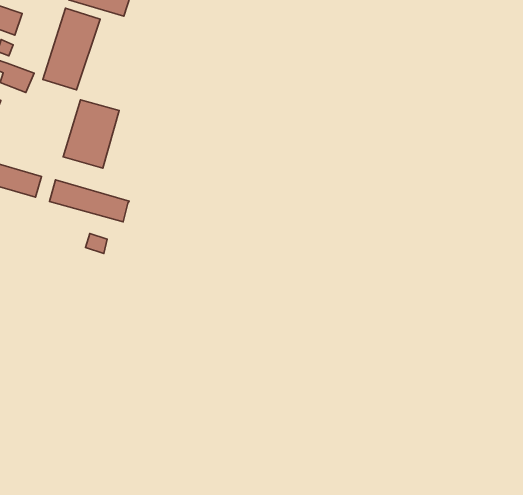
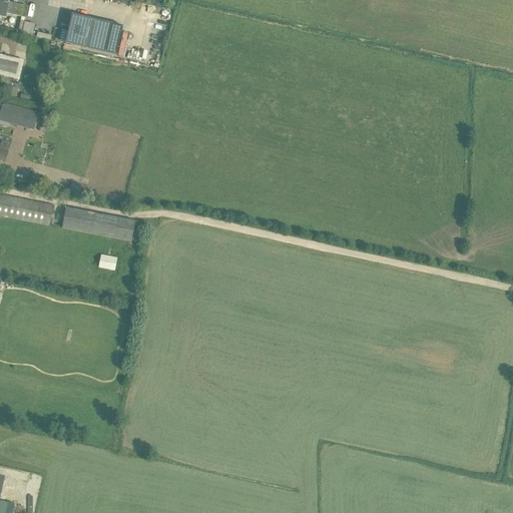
building: [43,8,100,90] -> none
building: [63,100,119,168] -> none

